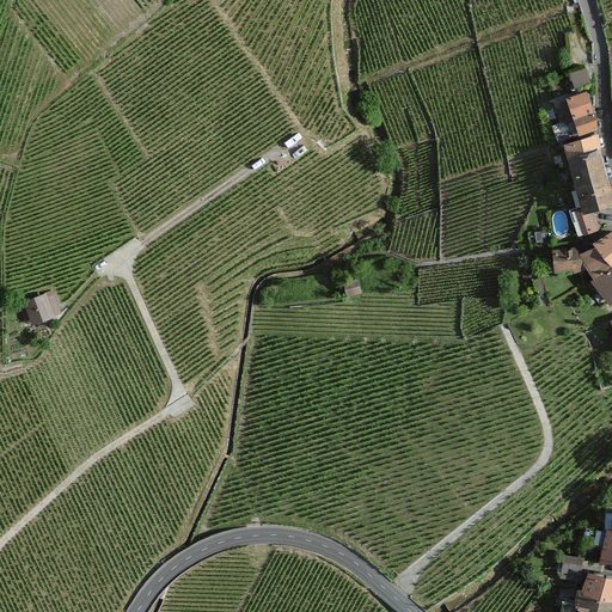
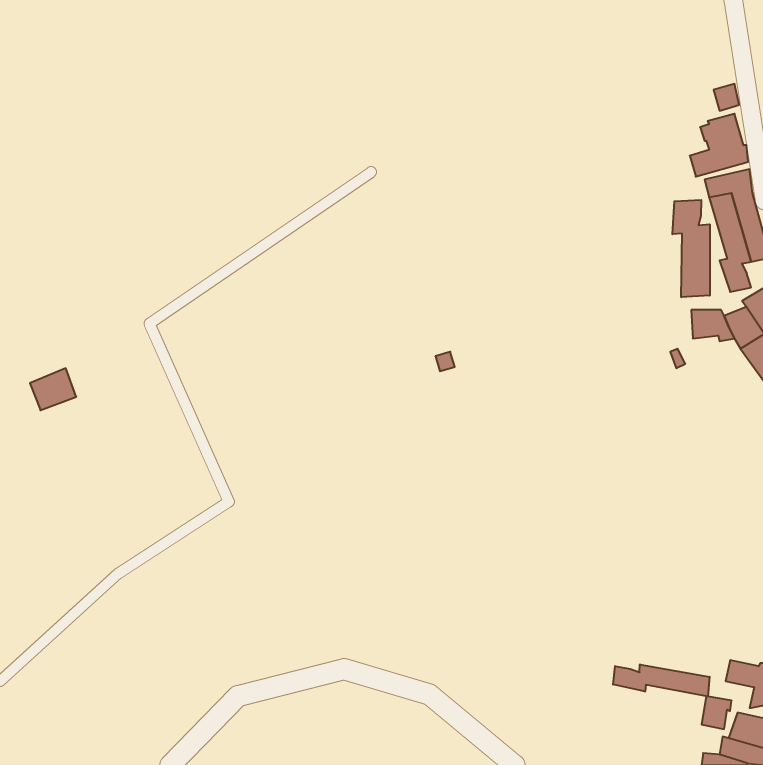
building: none -> [672,200,710,297]
building: none -> [613,664,710,696]

